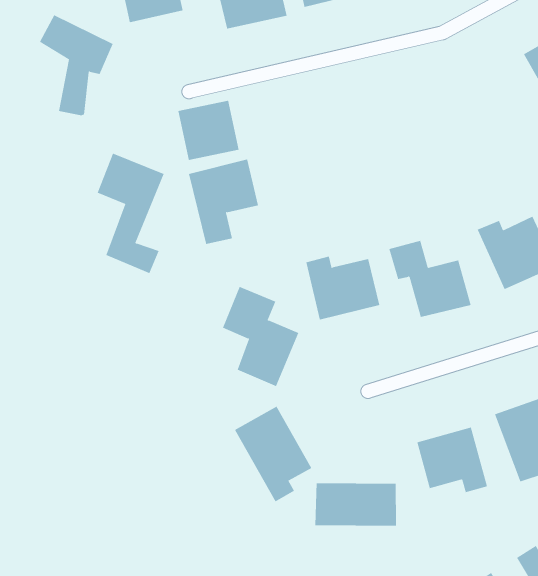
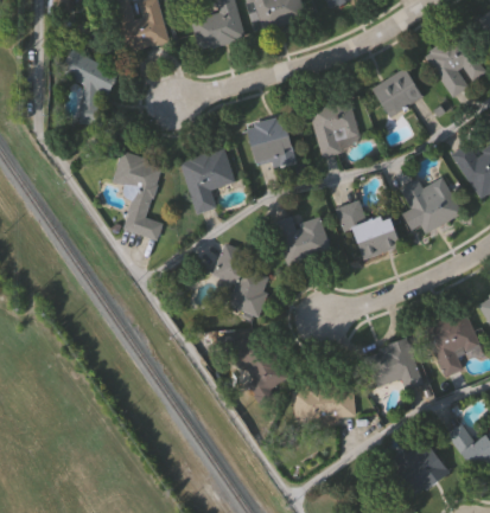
building: none -> [371,69,424,118]
building: [177,100,240,161] -> [247,117,295,165]
building: none -> [311,101,361,158]

